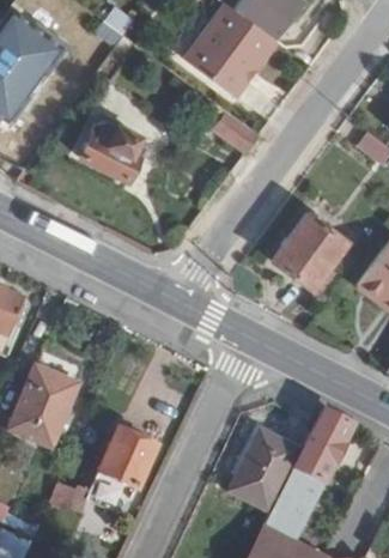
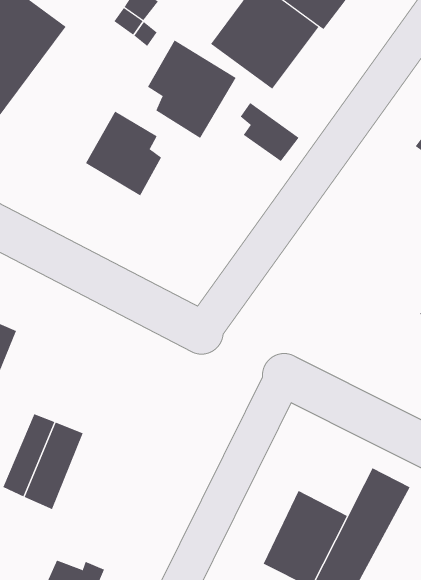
building: none -> [147,40,237,139]
building: [272,211,347,289] -> none
building: [99,430,154,491] -> none

